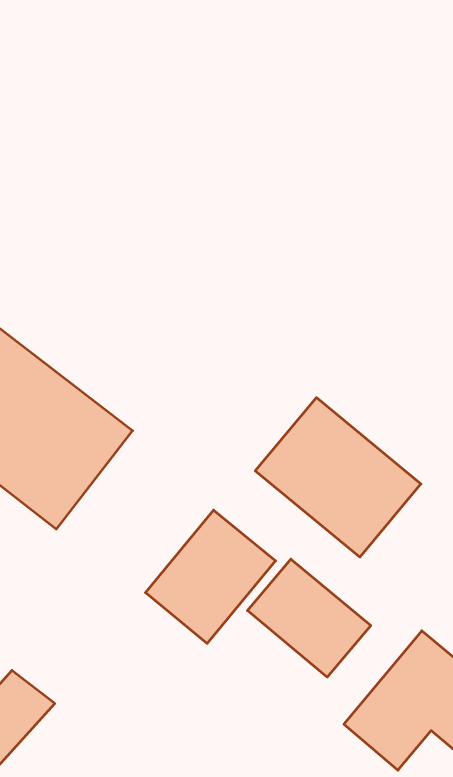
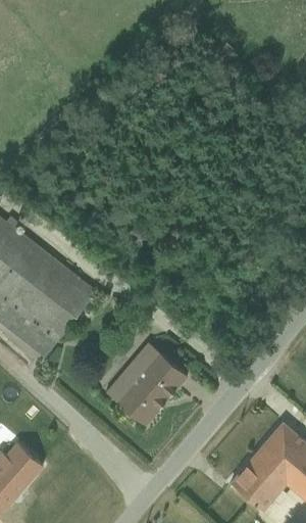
building: [255,398,421,557] -> none
building: [247,559,371,677] -> none

